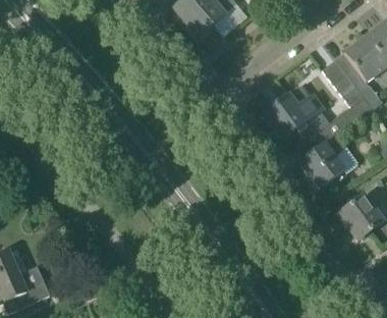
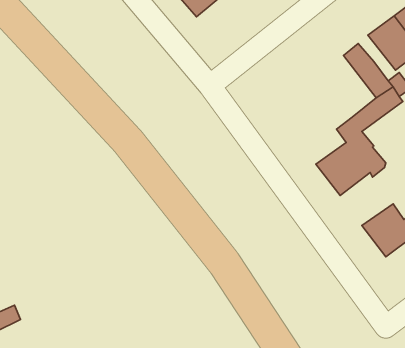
building: [264,85,330,141] -> none

